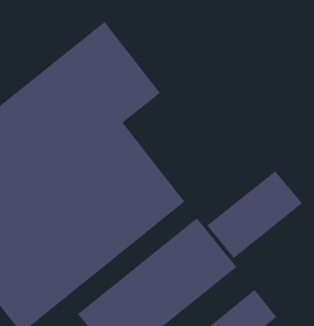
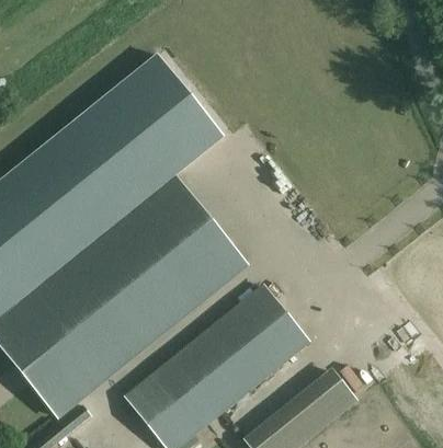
building: [207,171,303,259] -> none

